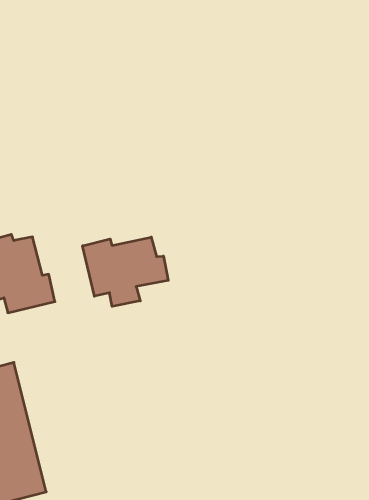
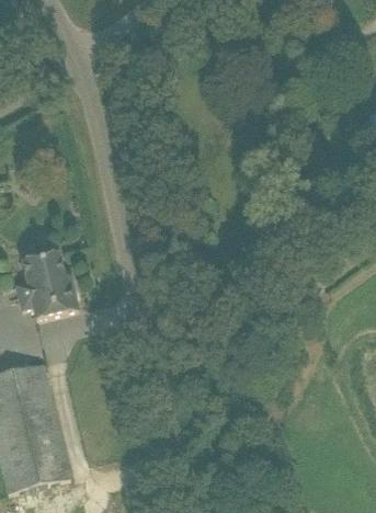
building: [83,237,168,306] -> none

